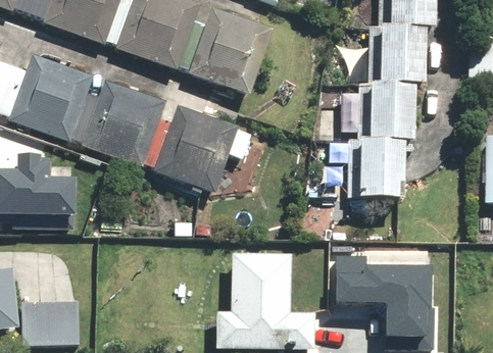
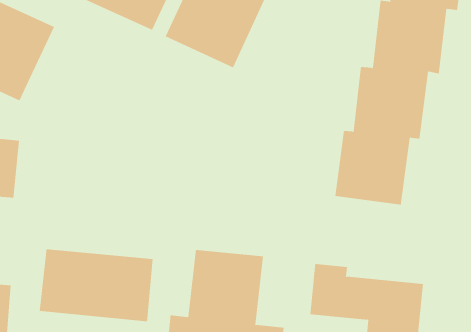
building: [81,79,165,166] -> none
building: [153,104,238,192] -> none
building: none -> [39,248,153,322]

